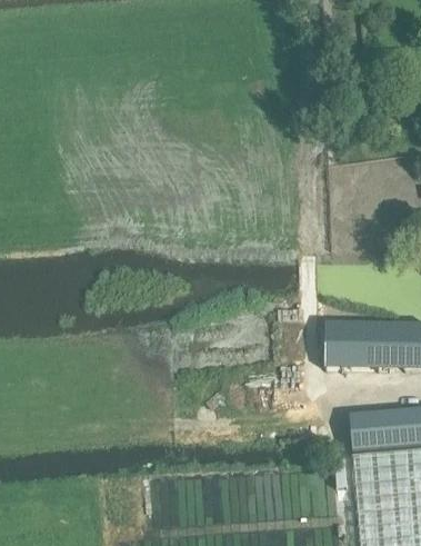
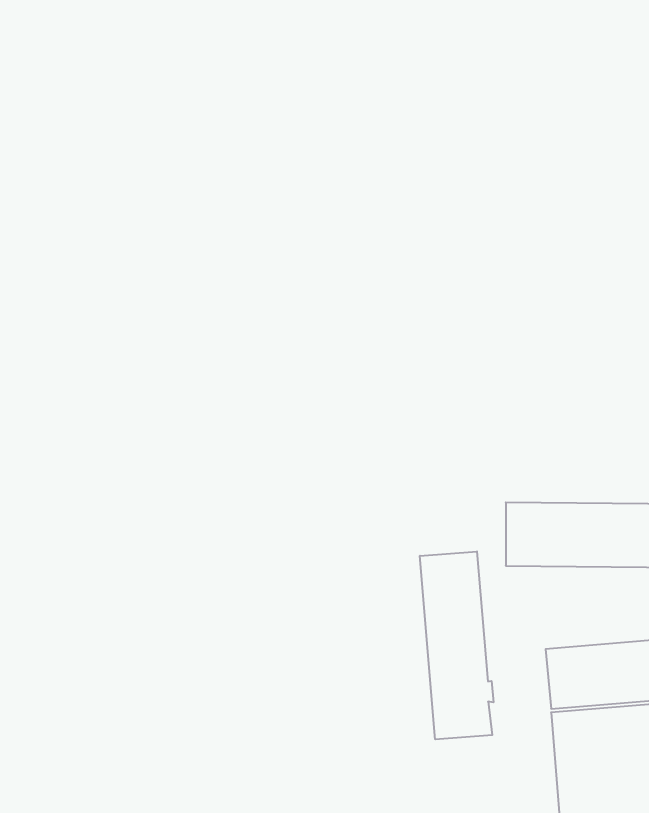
building: none -> [420,551,493,739]

